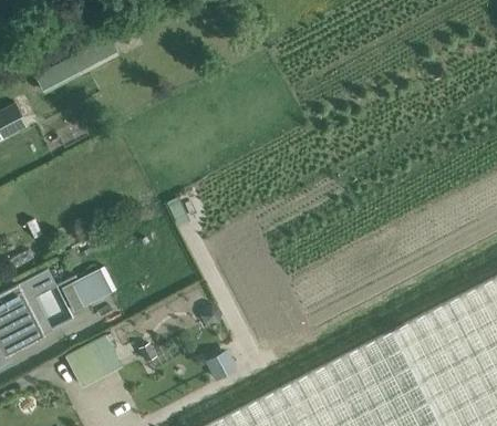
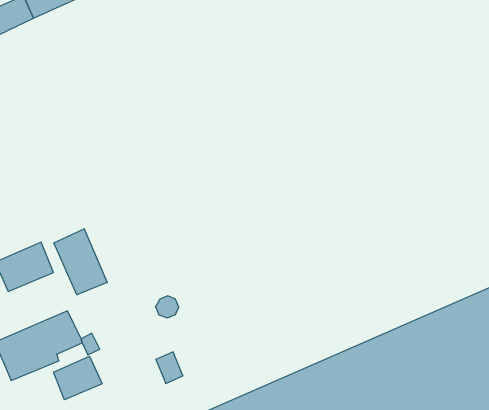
building: none -> [54,229,107,295]
building: none -> [54,356,102,400]

